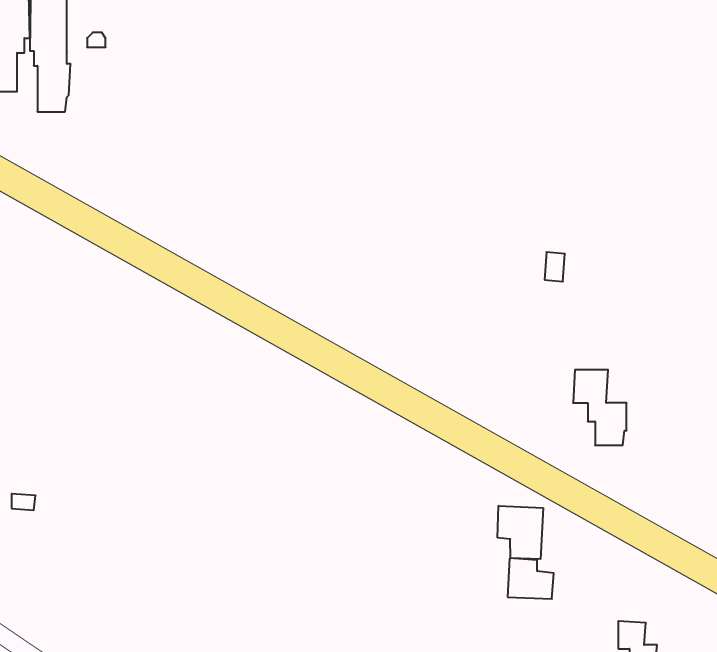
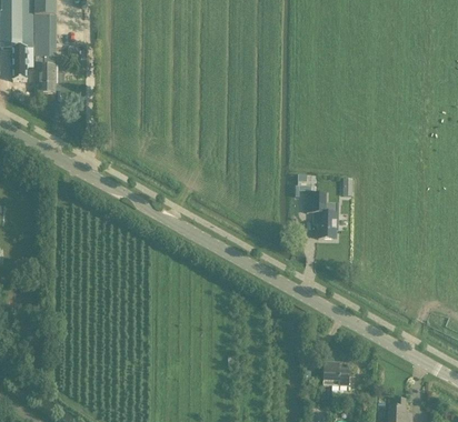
building: [573,370,627,445] -> [305,190,337,235]
building: [498,506,543,559] -> none

